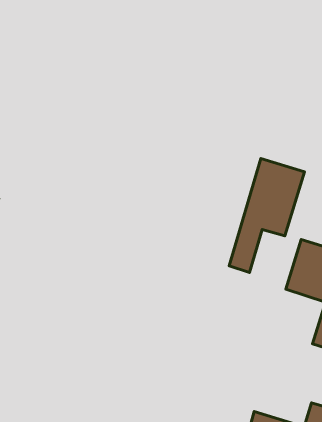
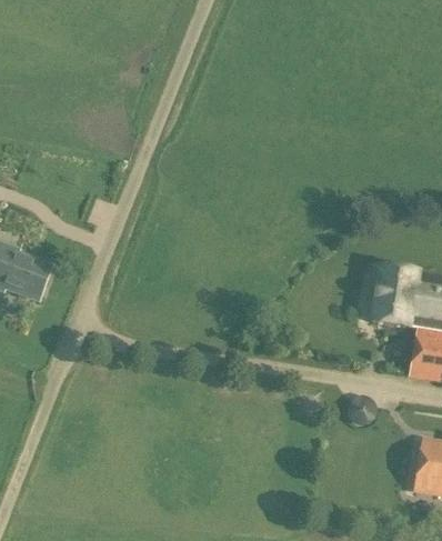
building: [229,158,304,272] -> none

